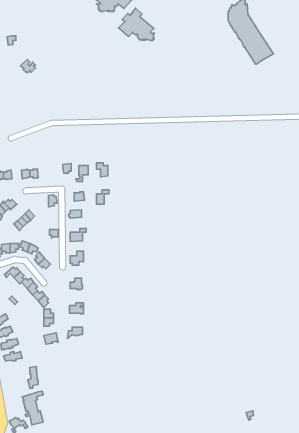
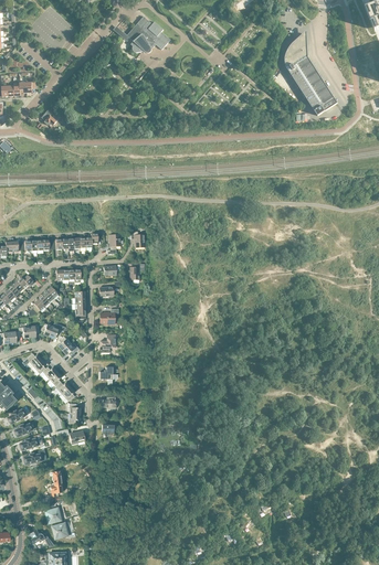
building: [118,8,154,40] -> none

